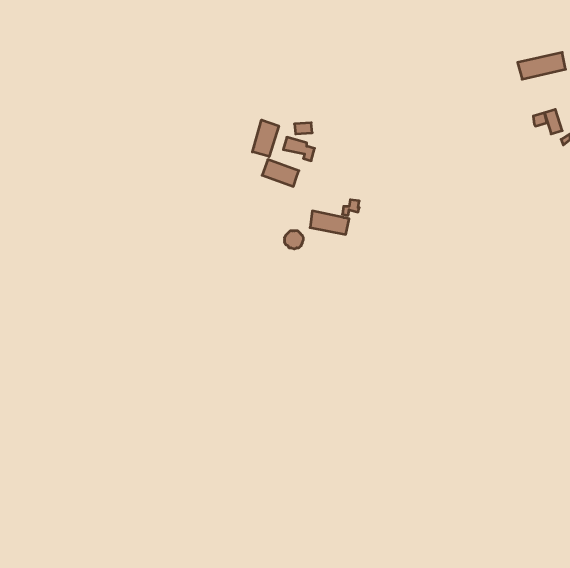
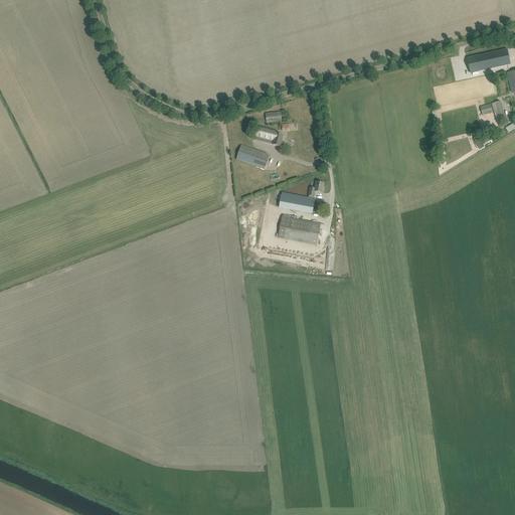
building: [252,120,279,157] -> none
building: none -> [278,215,321,243]

